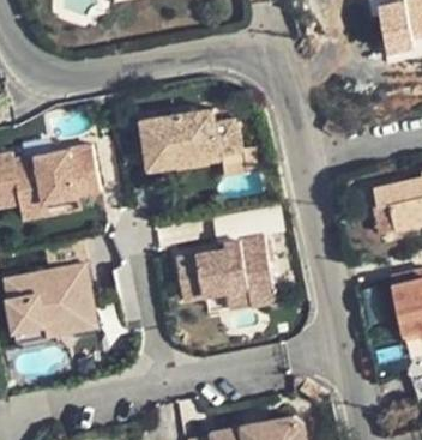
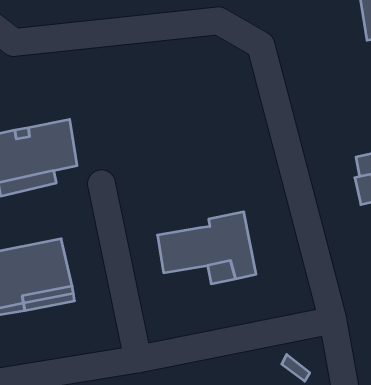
building: [141,110,242,170] -> none

